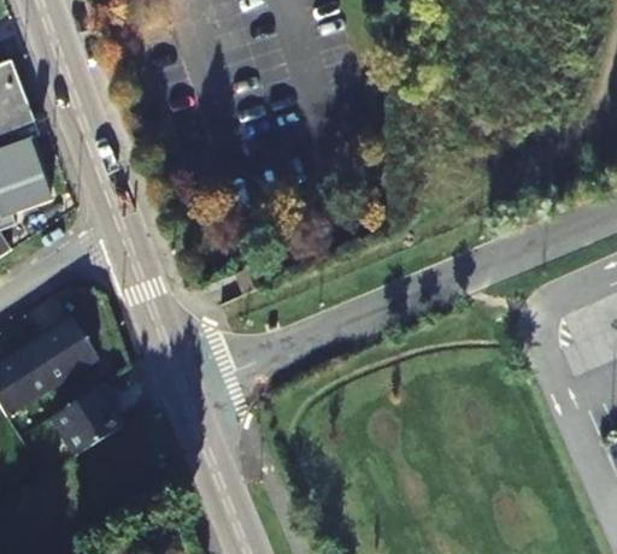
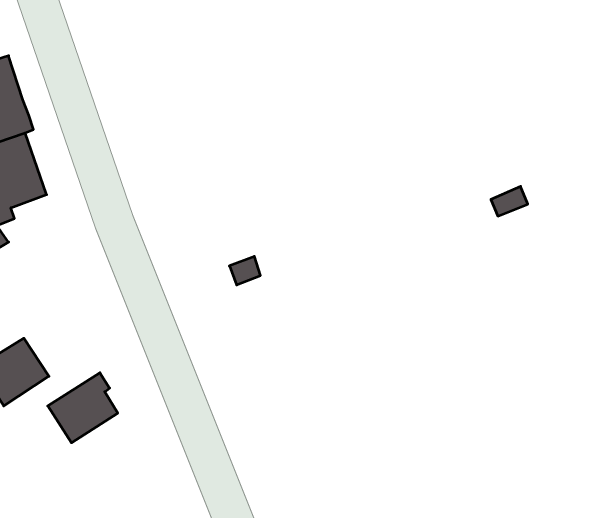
building: [27,316,96,384] -> none

